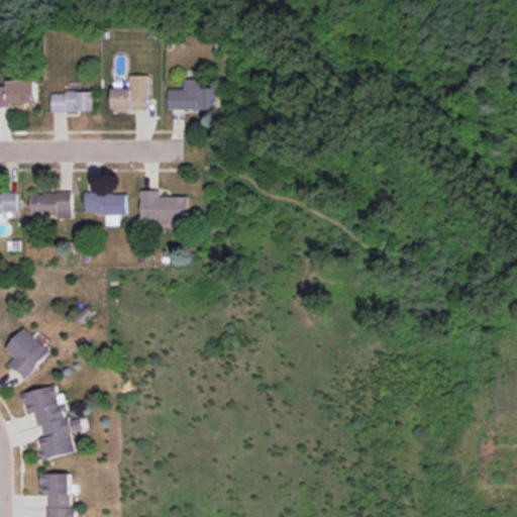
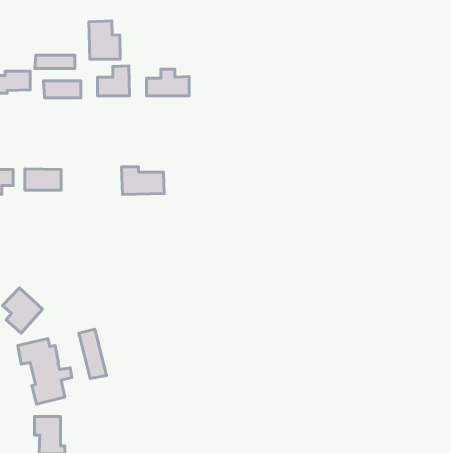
building: none -> [89,21,120,59]
building: none -> [35,55,75,69]
building: [83,193,125,226] -> none
building: none -> [79,329,107,379]

